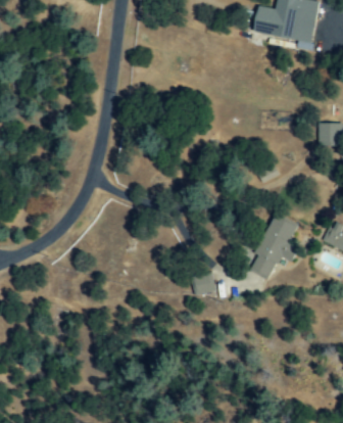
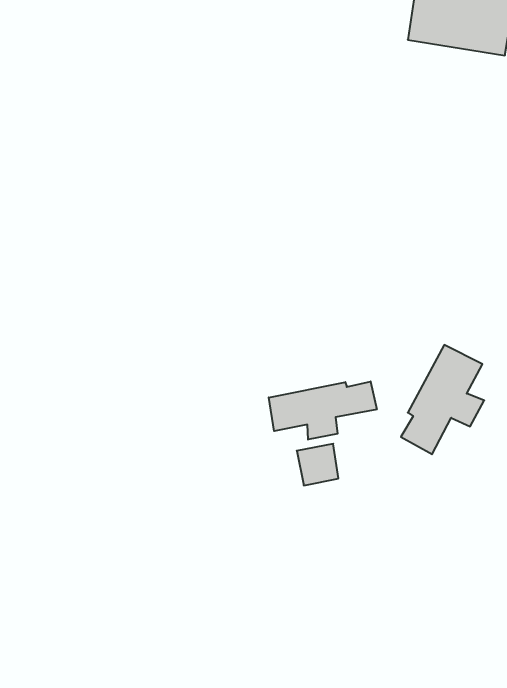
building: none -> [269,381,377,440]

